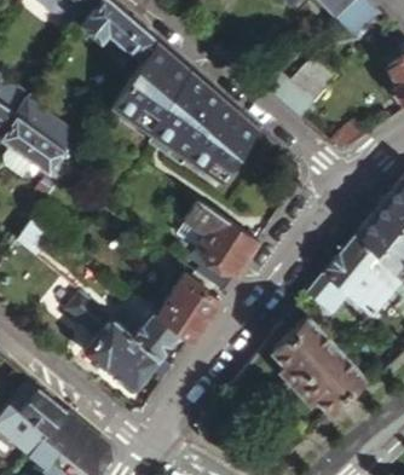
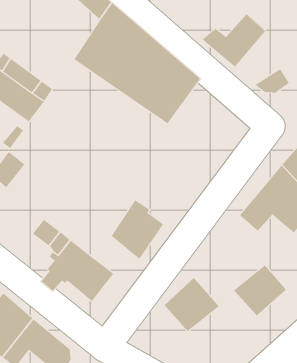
building: [184,201,259,291] -> none
building: [128,308,179,359] -> none
building: [271,314,336,378] -> [164,277,220,332]

